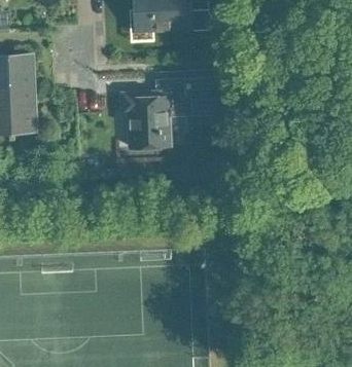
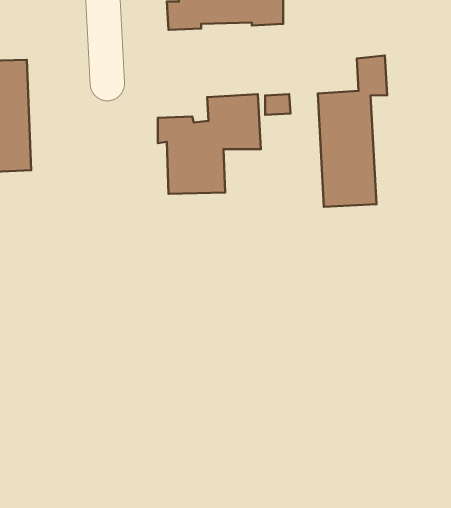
building: none -> [318,55,387,207]

